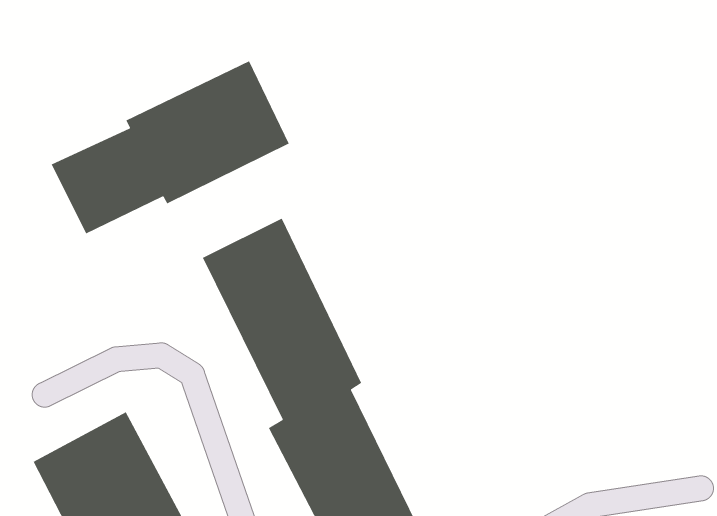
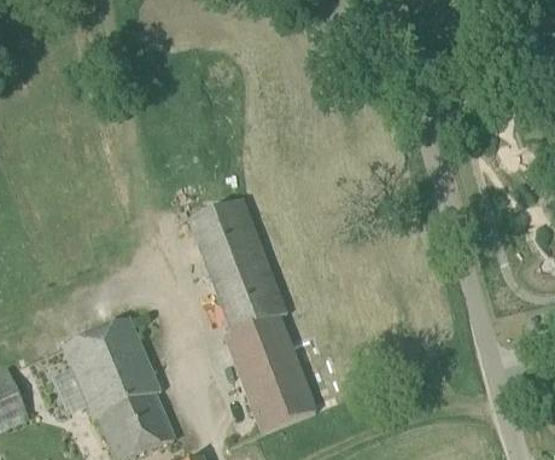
building: [51,60,290,235] -> none

